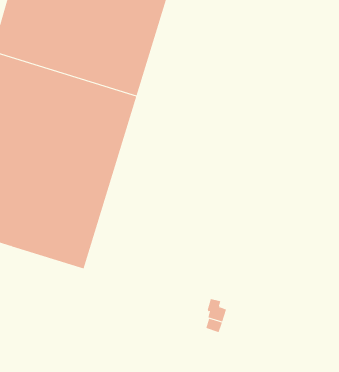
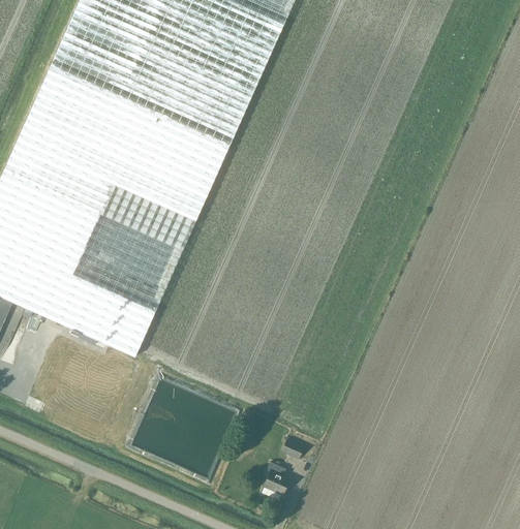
building: [207,298,227,322] -> [264,462,289,494]

